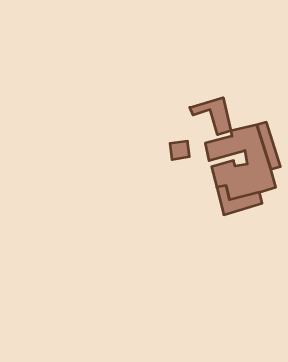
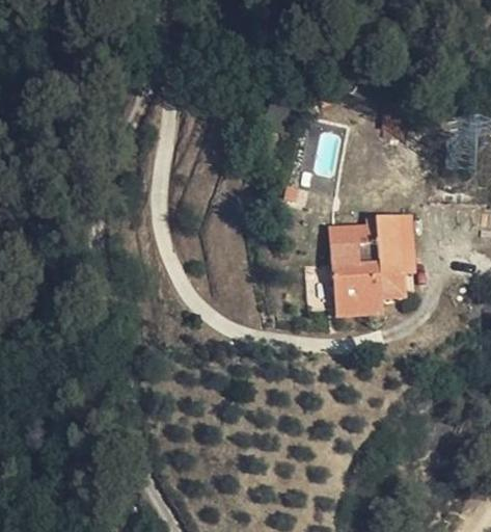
building: [190,98,231,135] -> none

